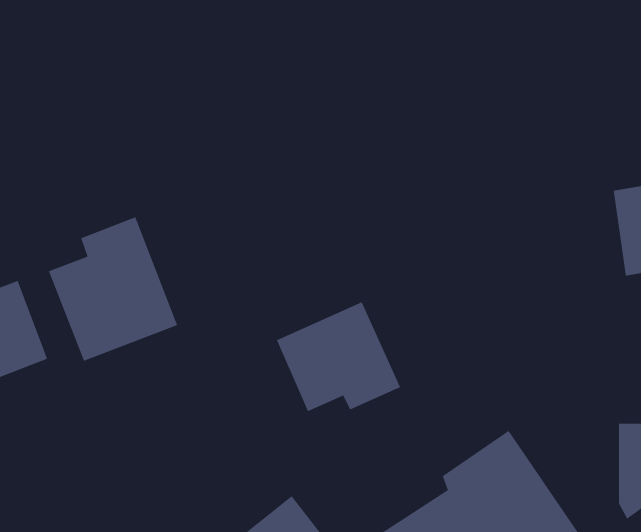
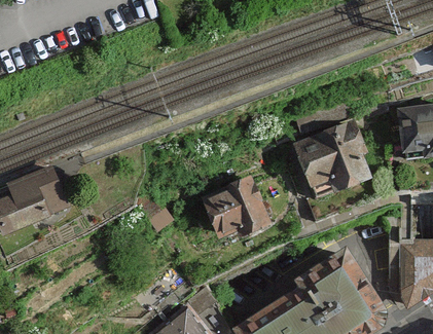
building: none -> [294,121,377,196]
building: [48,216,178,362] -> none

